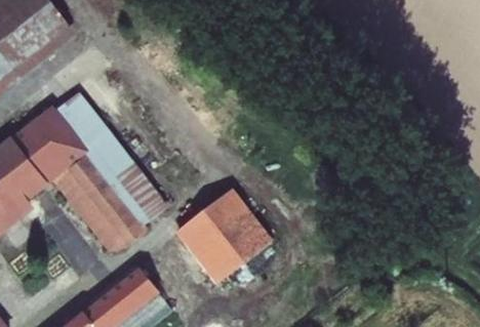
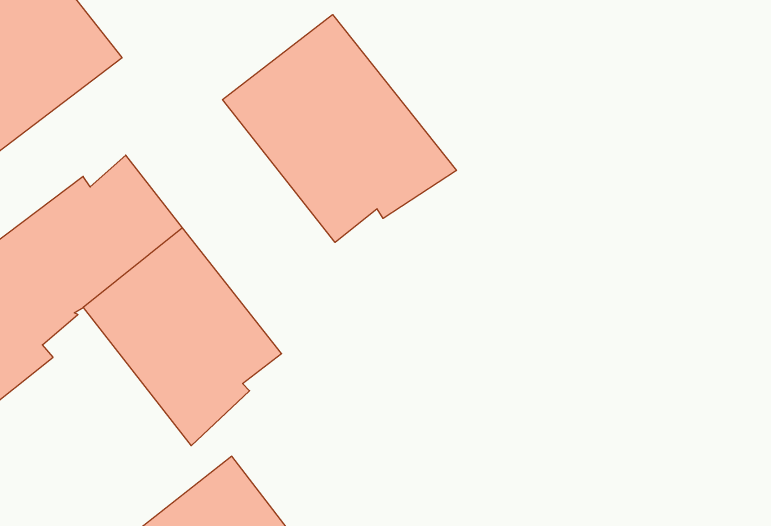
building: none -> [223,15,456,242]
building: [175,187,273,283] -> none

